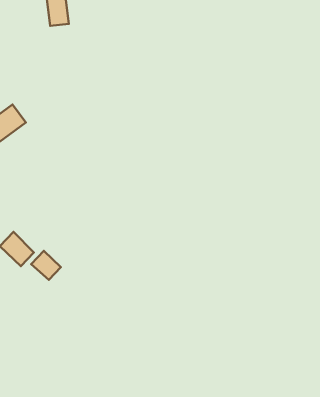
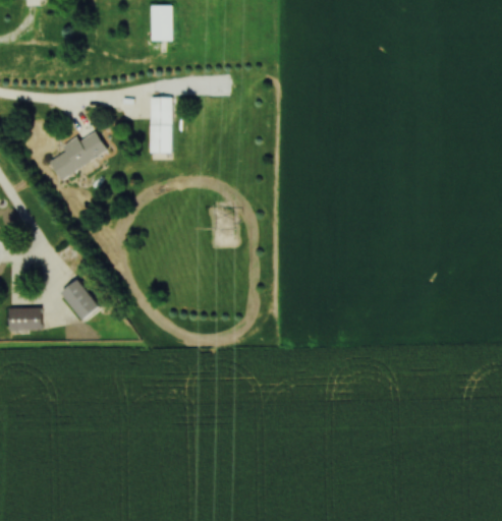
building: none -> [151,99,173,155]
building: [31,251,61,280] -> none

